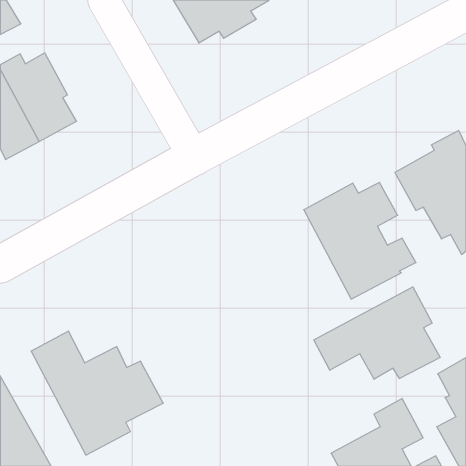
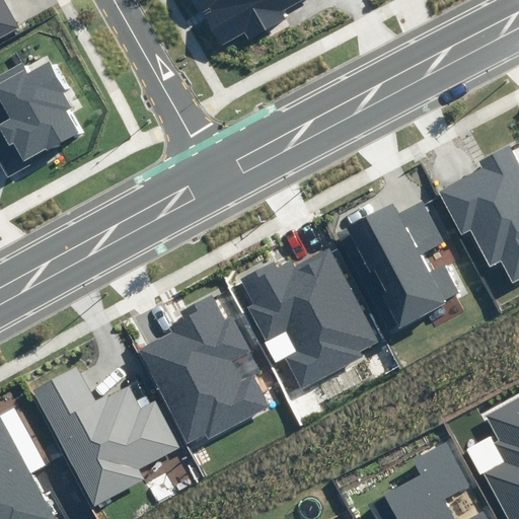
building: none -> [240,247,377,389]
building: none -> [137,296,274,445]
building: [314,287,440,379] -> none

